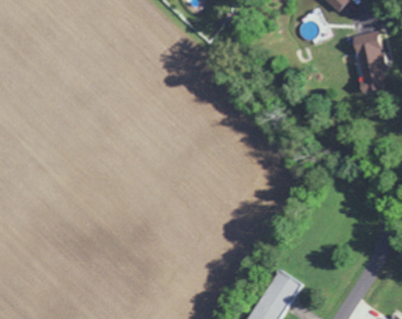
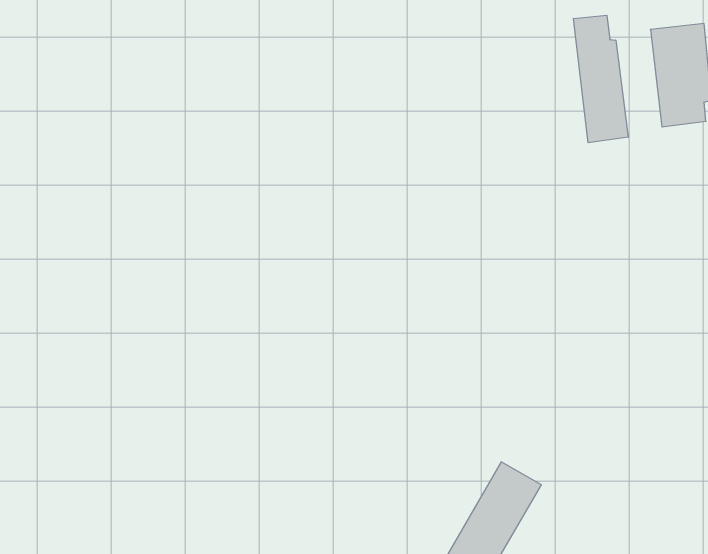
building: none -> [574,15,628,143]

